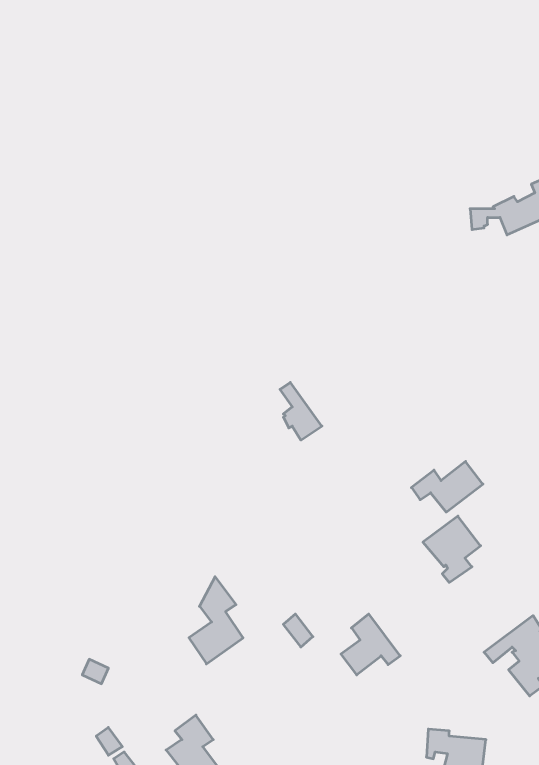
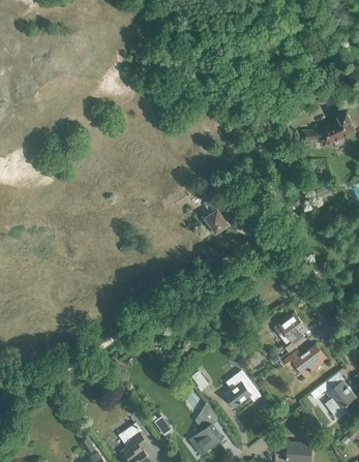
building: [280,382,322,440] -> [203,198,228,233]
building: [411,461,483,512] -> [283,344,326,374]
building: [189,577,243,664] -> [189,403,221,455]

